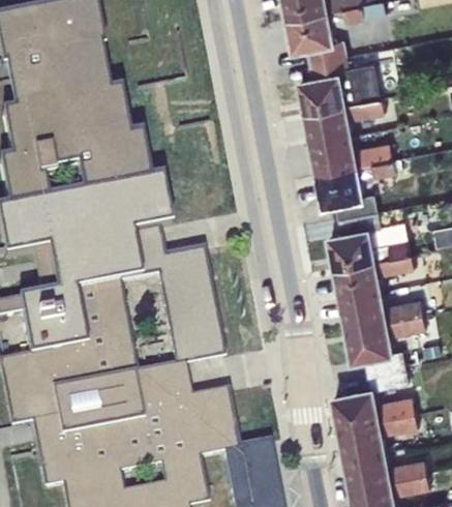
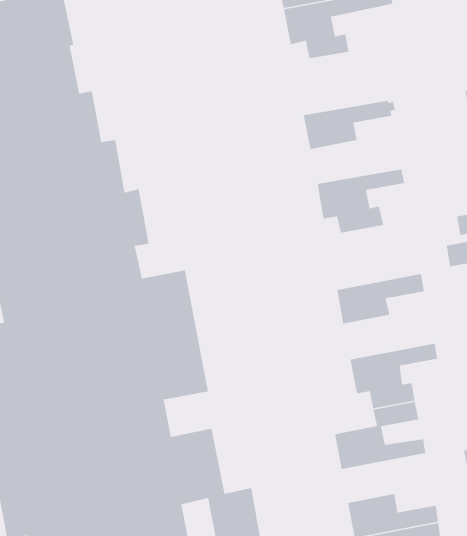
building: [298,56,381,112] -> none
building: [310,135,392,173] -> none
building: [328,210,410,267] -> none
building: [339,290,422,329] -> none
building: [338,413,417,456] -> none

